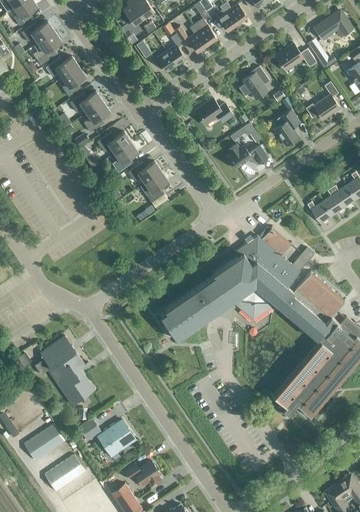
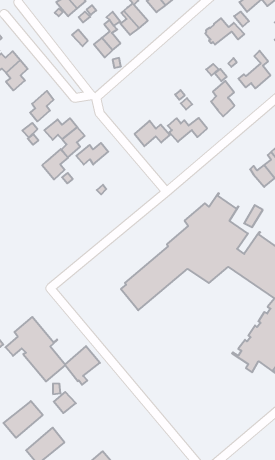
building: [238,66,269,99] -> none
building: [69,91,103,113] -> none
building: [196,98,233,124] -> [135,121,170,146]
building: [140,171,168,202] -> [42,149,68,179]
building: [98,420,135,460] -> [65,346,100,385]
building: [124,461,160,485] -> none

